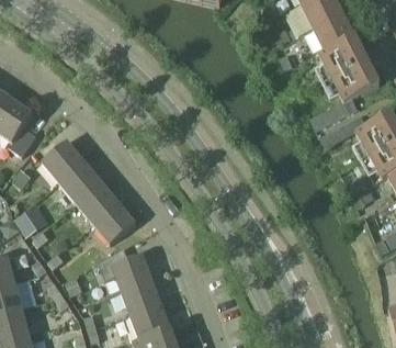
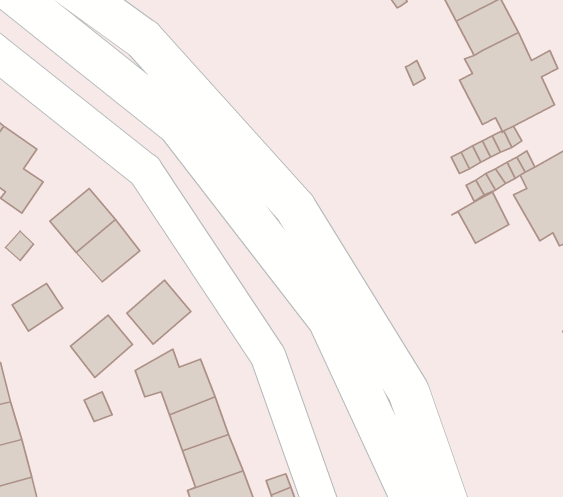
building: none -> [452,192,509,243]
building: [76,181,117,223] -> [70,315,133,377]

